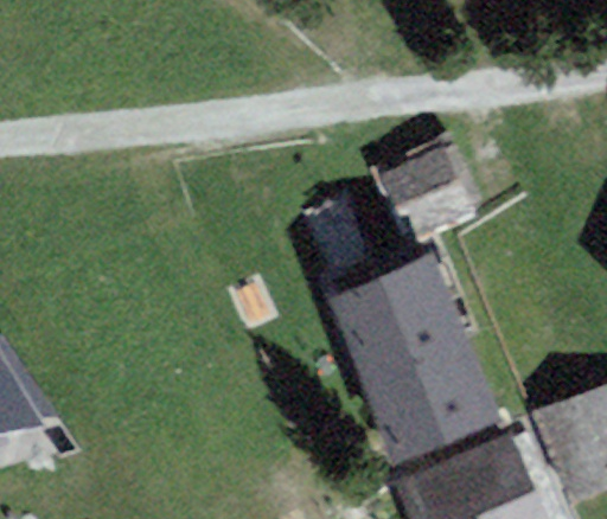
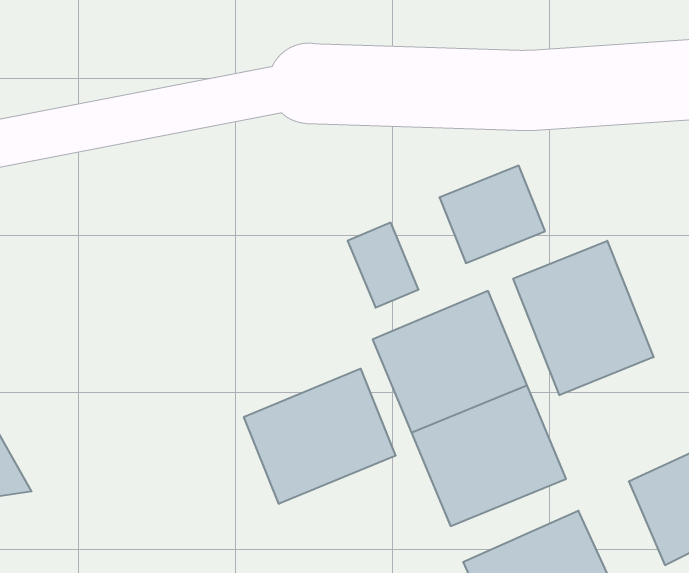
building: none -> [513,241,654,395]
building: none -> [244,369,396,504]

